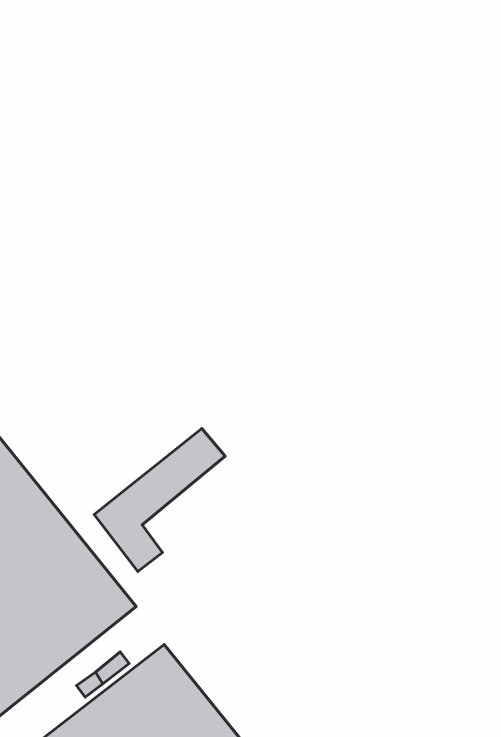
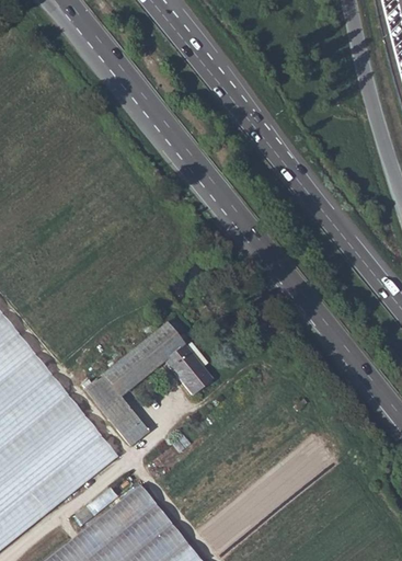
building: none -> [165,343,215,394]
building: none -> [118,415,150,445]

